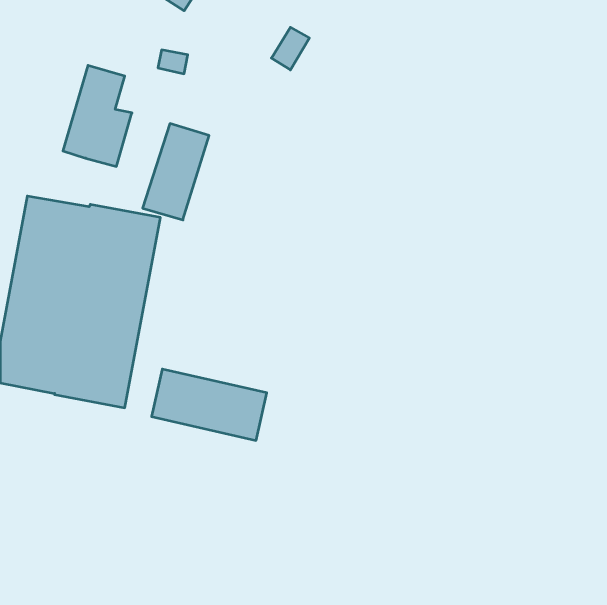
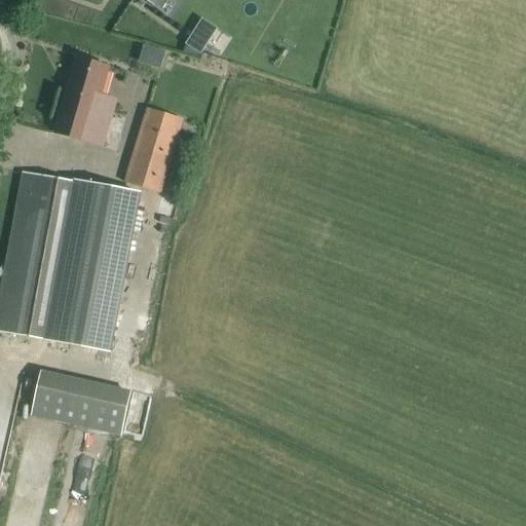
building: [271,27,309,70] -> [182,16,215,53]
building: [152,369,267,440] -> [31,372,130,434]

